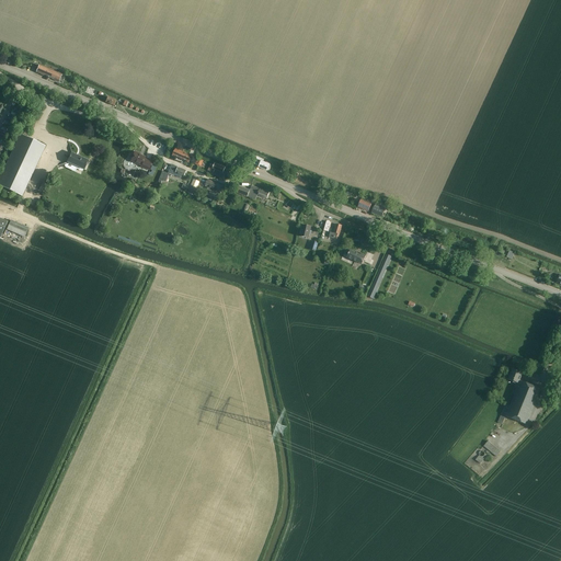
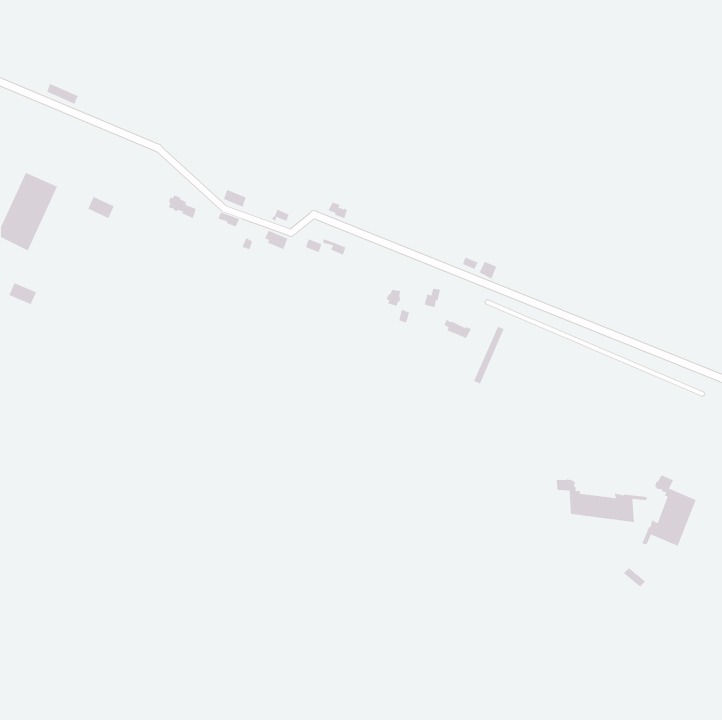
building: none -> [556,478,647,523]

